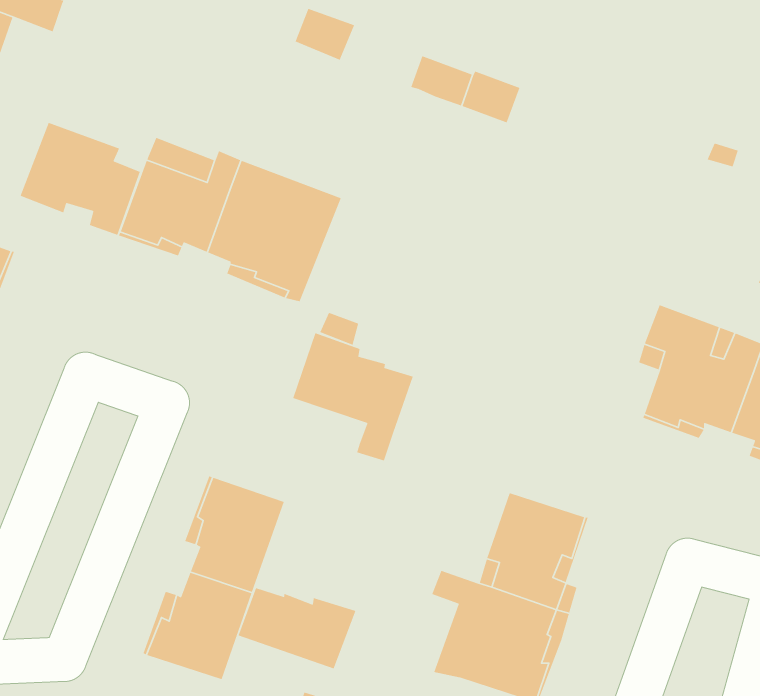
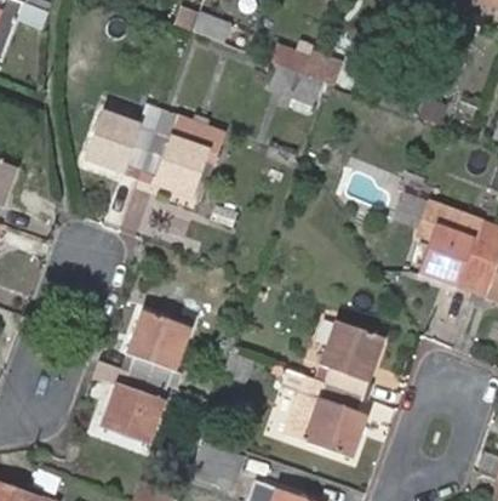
building: none -> [265,63,324,107]
building: [19,122,141,236] -> none
building: [292,332,414,461] -> none
building: [238,587,356,669] -> none

